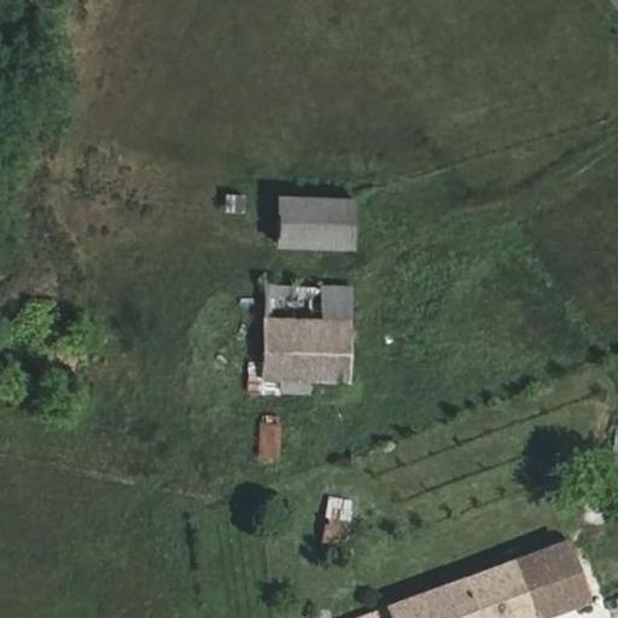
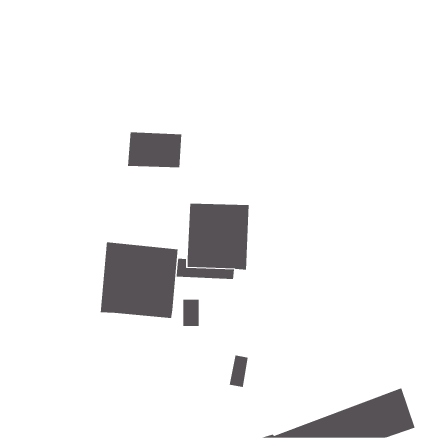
building: [276,194,354,245] -> [127,132,182,168]
building: none -> [100,242,178,319]

